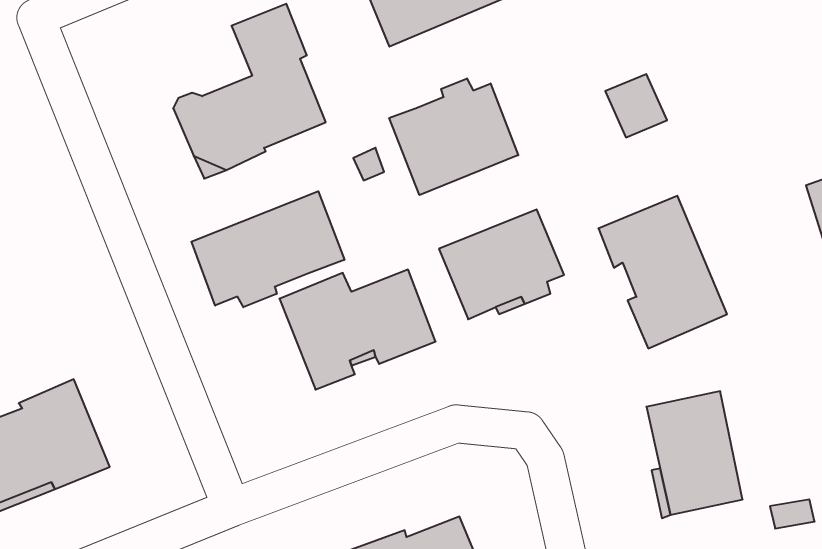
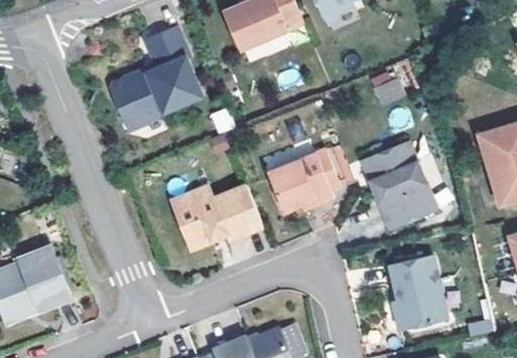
building: [389,78,518,195] -> none
building: [191,191,344,307] -> none

